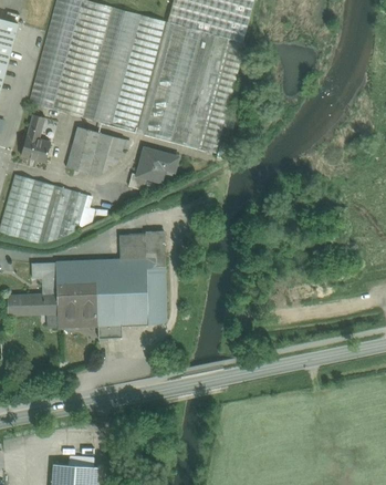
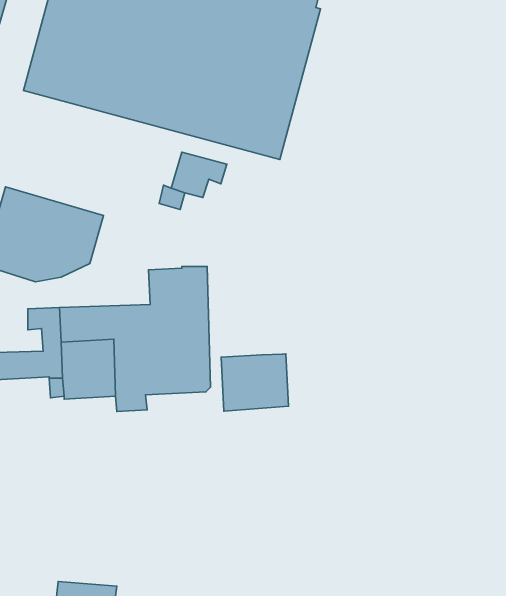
building: [20,114,50,162] -> none
building: [65,126,124,176] -> none
building: none -> [221,354,288,411]

